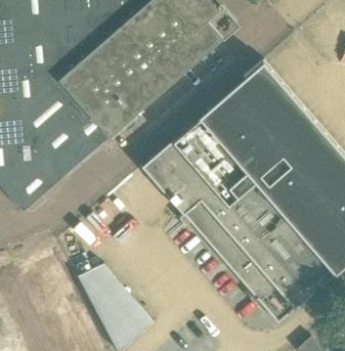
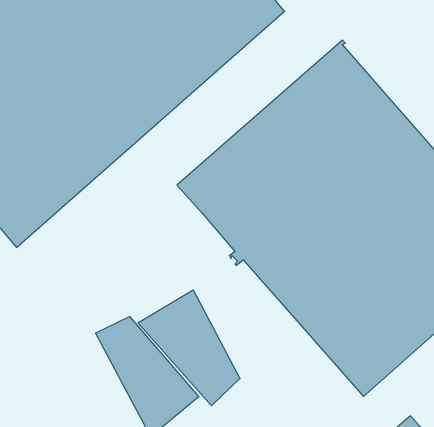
building: none -> [138,290,240,406]

